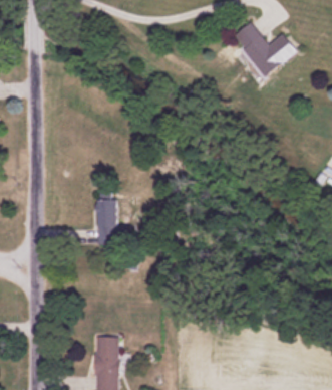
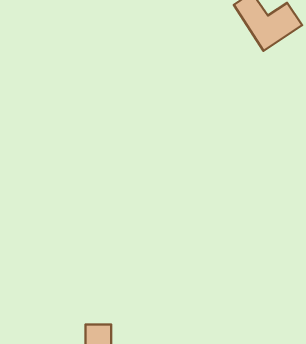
building: [93,198,113,244] -> none

